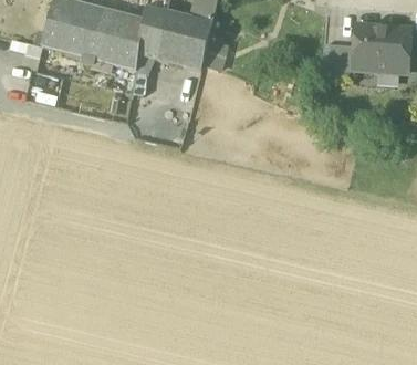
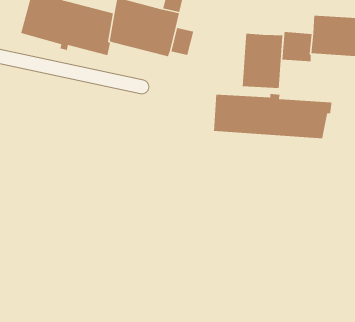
building: none -> [242,33,283,89]
building: none -> [213,93,332,139]

